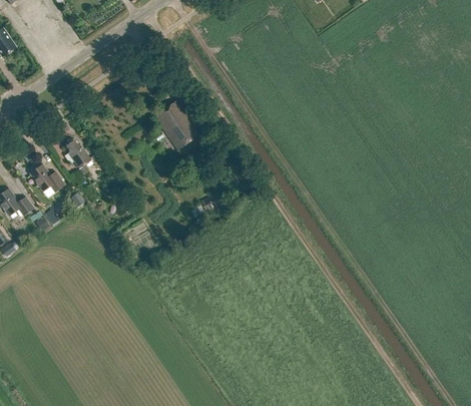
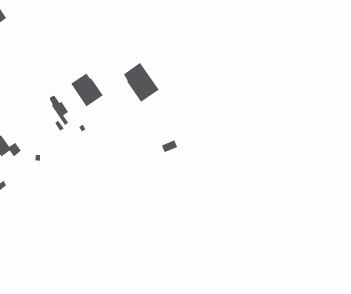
building: none -> [70,73,104,108]
building: [29,163,64,191] -> none

